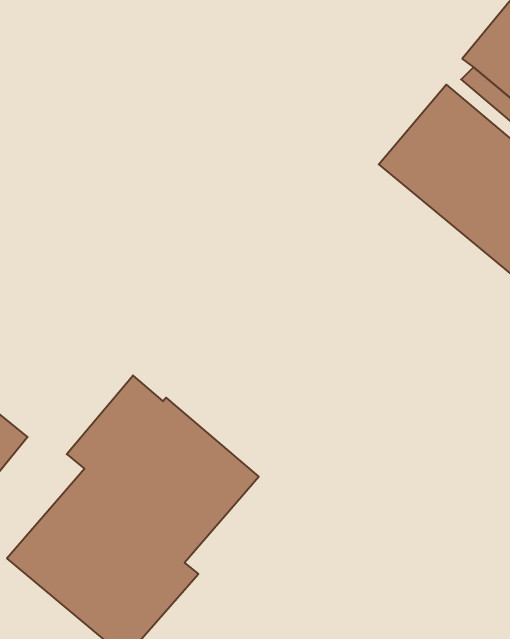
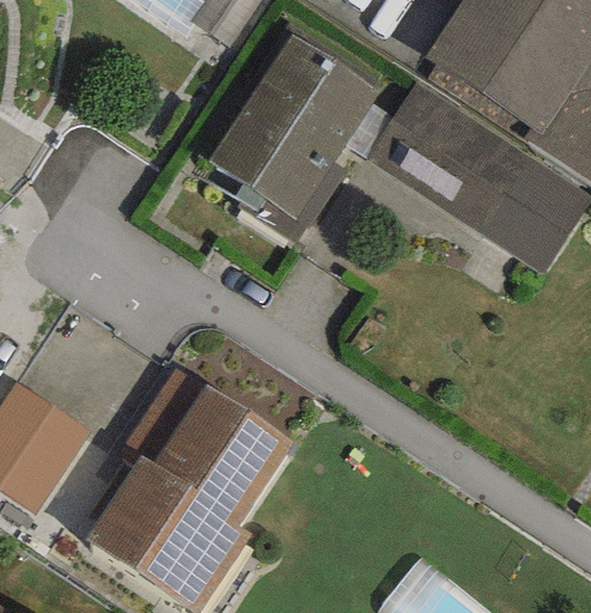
building: none -> [208,32,380,243]

